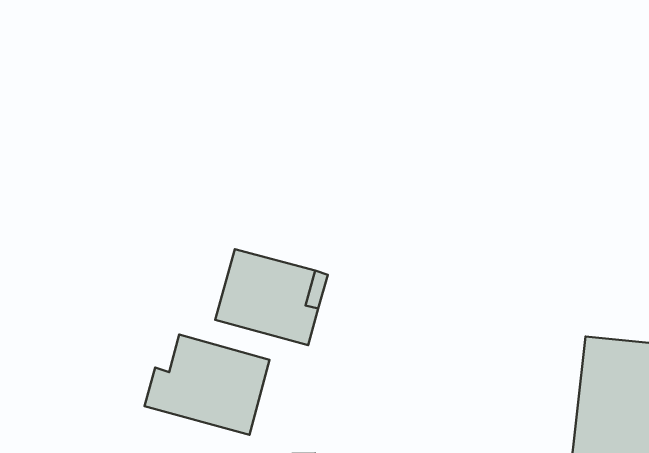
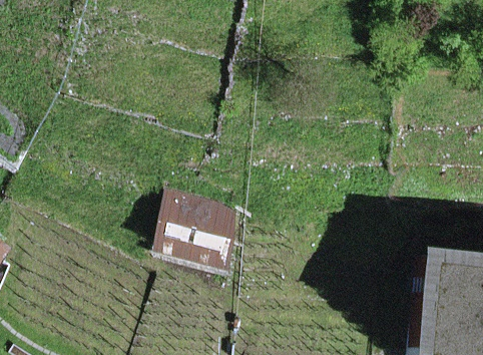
building: [145,335,269,435] -> none

